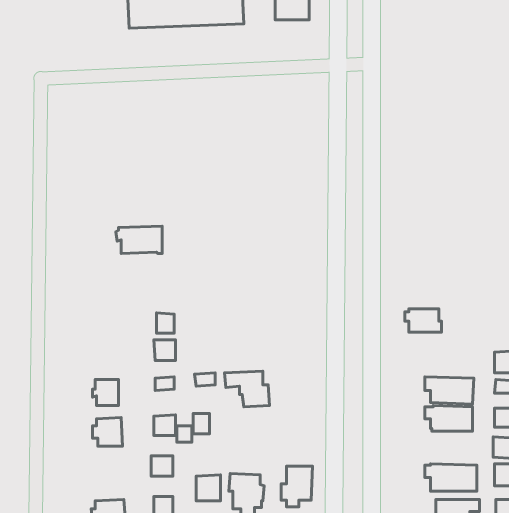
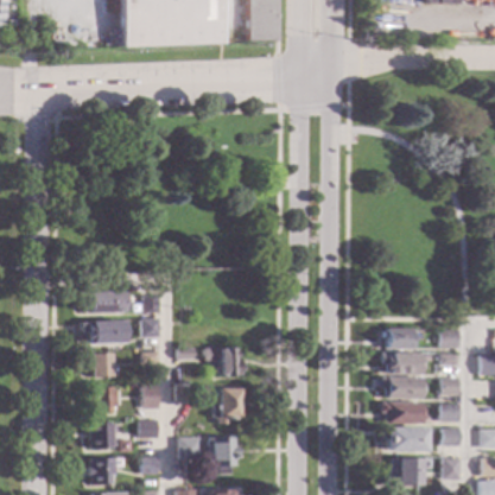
building: [116,226,162,253] -> [88,288,128,312]
building: [405,309,441,332] -> [386,328,418,348]
building: none -> [85,319,129,342]
building: none -> [382,401,424,423]
building: none -> [94,421,118,448]
building: [281,466,312,507] -> [217,387,245,423]

